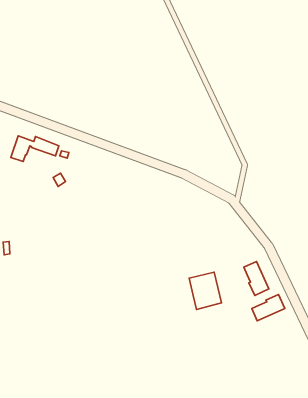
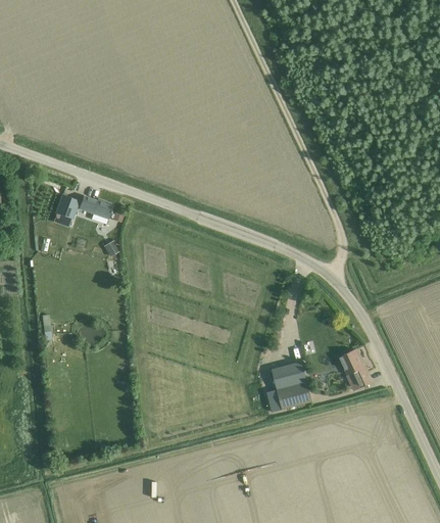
building: [252,294,285,321] -> none

